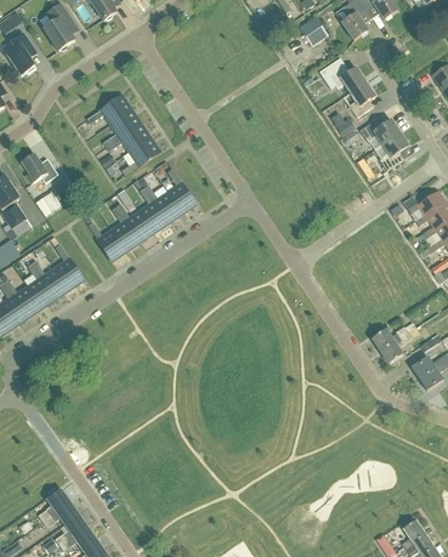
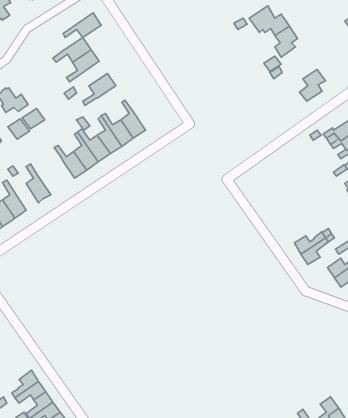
building: [359,118,398,143] -> none
building: [106,123,151,152] -> [63,13,101,38]
building: [32,260,69,299] -> none

